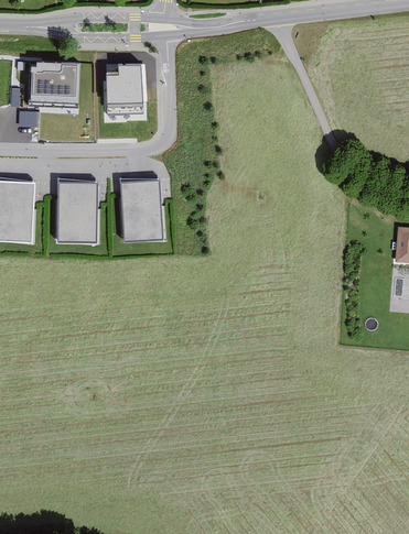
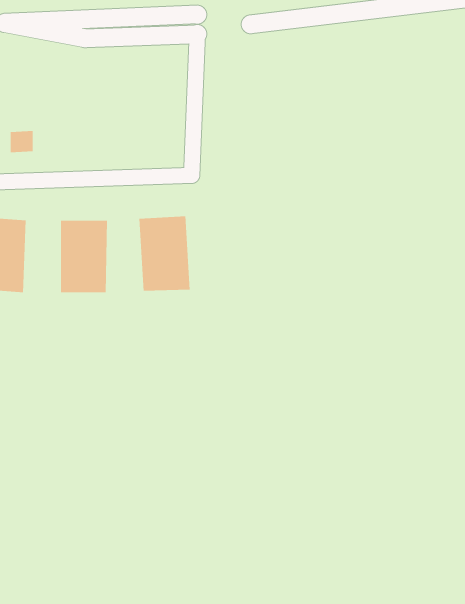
building: [30,63,80,105] -> none
building: [106,66,142,115] -> none

